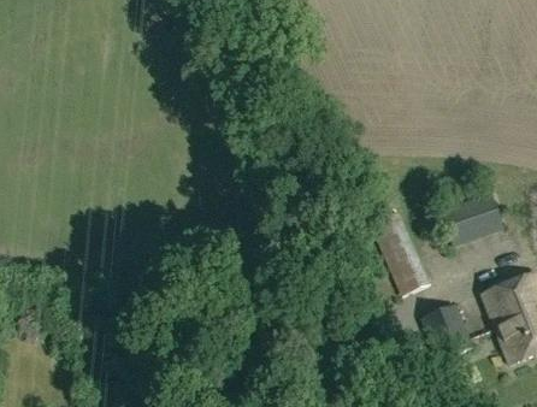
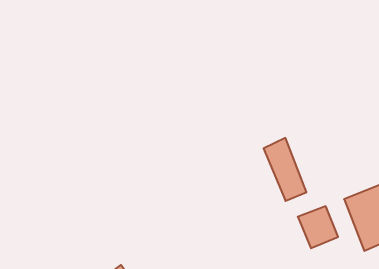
building: [439,191,502,247] -> none

